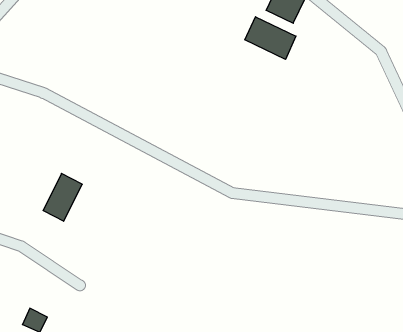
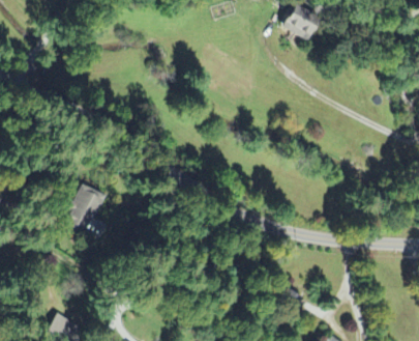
building: [245,17,296,59] -> none

